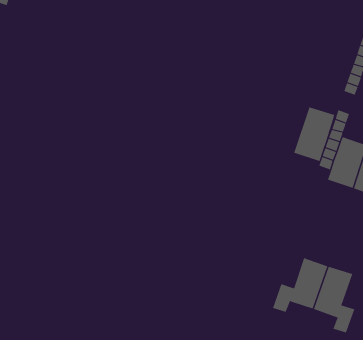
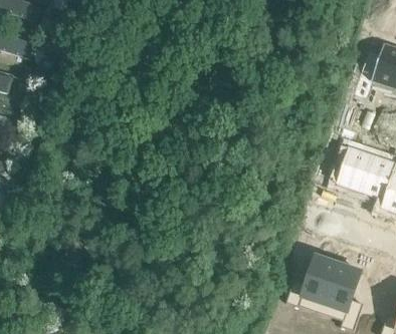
building: [293,106,335,162] -> none

